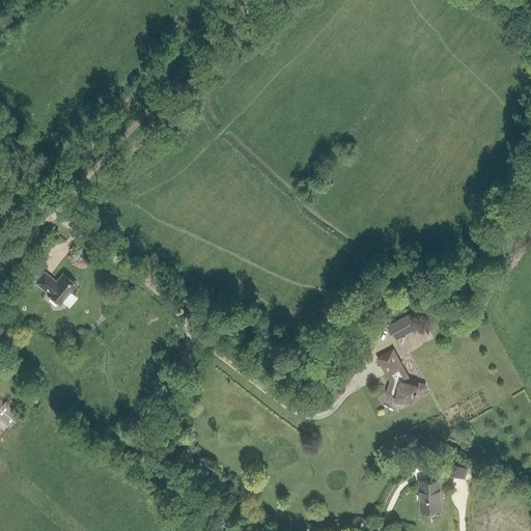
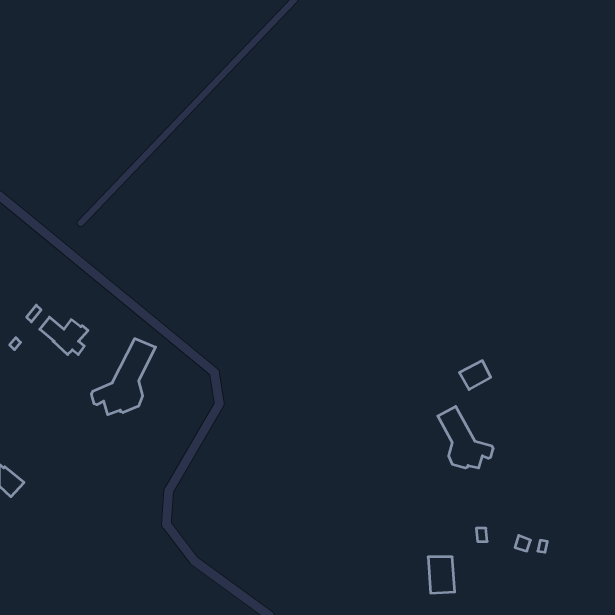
building: none -> [91,339,156,415]
building: [418,480,441,511] -> [428,557,455,593]

